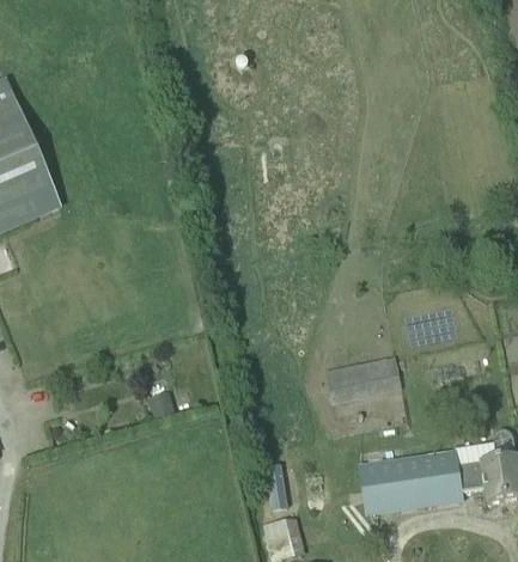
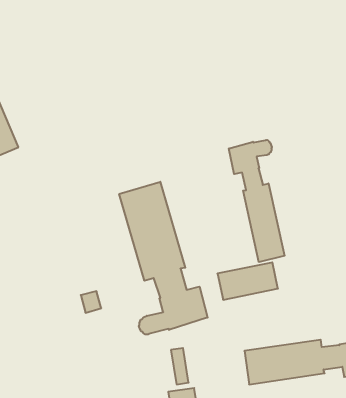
building: none -> [229,140,285,262]
building: none -> [119,182,208,334]

